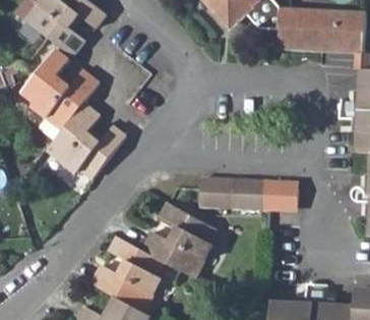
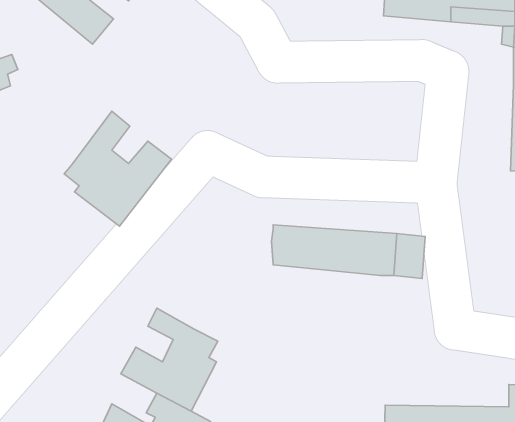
building: [26,55,100,143] -> none
building: [140,207,213,282] -> none

